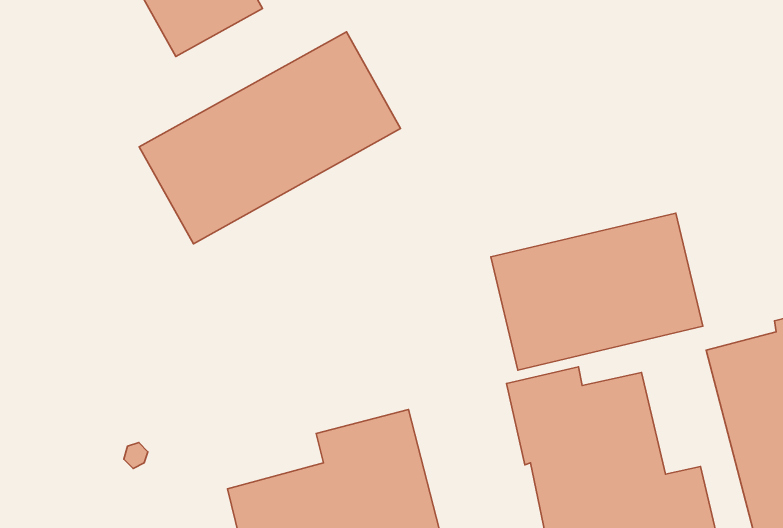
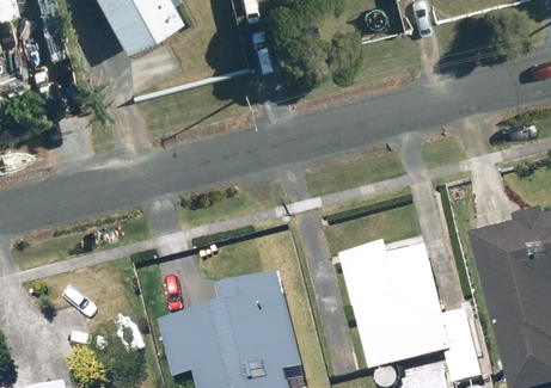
building: [139,32,401,244] -> none
building: [491,213,703,370] -> none

